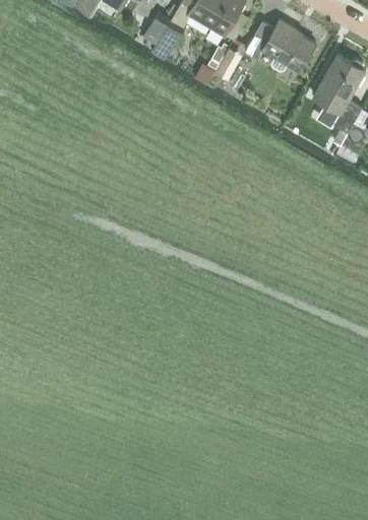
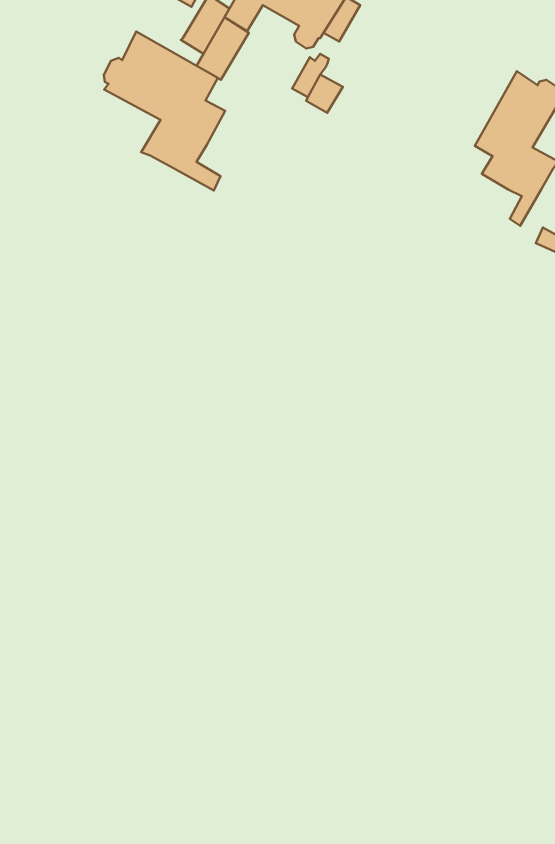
building: [246,20,315,71] -> none
building: none -> [104,31,225,190]

